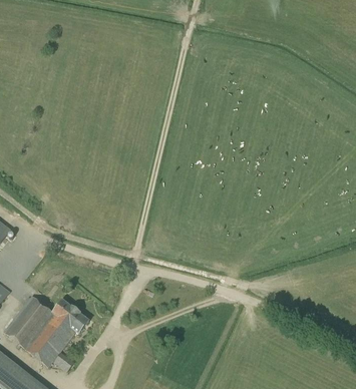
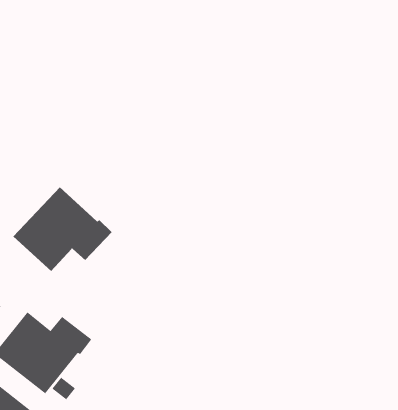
building: none -> [13,187,113,272]

